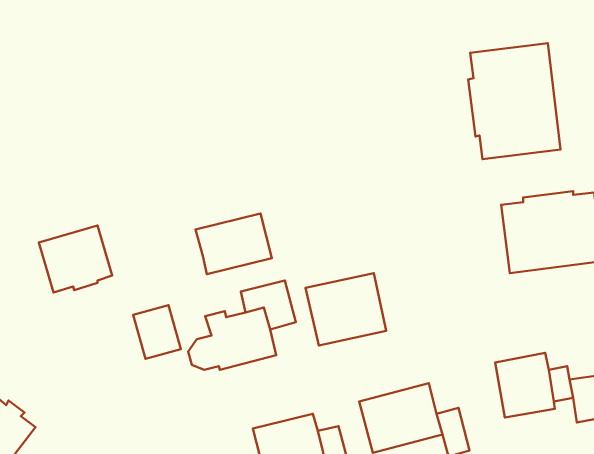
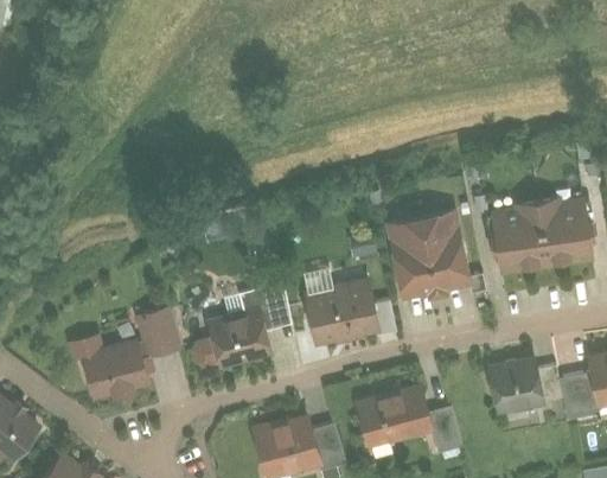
building: [468,43,561,159] -> none
building: none -> [384,205,474,300]
building: [196,213,272,274] -> none
building: [39,225,112,293] -> [78,336,149,401]

